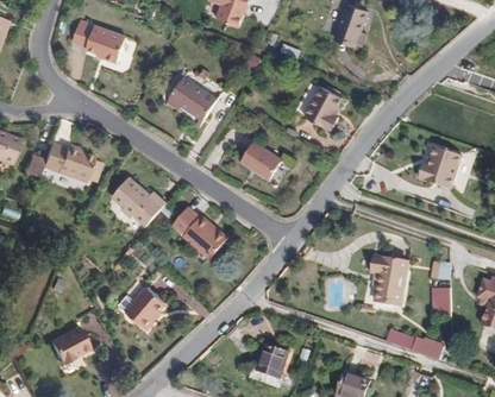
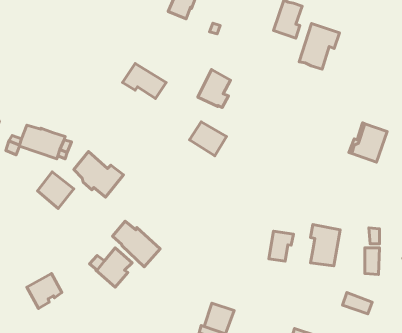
building: [75,21,131,68] -> none
building: none -> [299,23,340,69]
building: [300,83,337,126] -> [198,69,231,108]
building: none -> [37,172,74,208]
building: [169,204,223,256] -> [112,221,160,267]
building: none -> [269,231,294,261]

